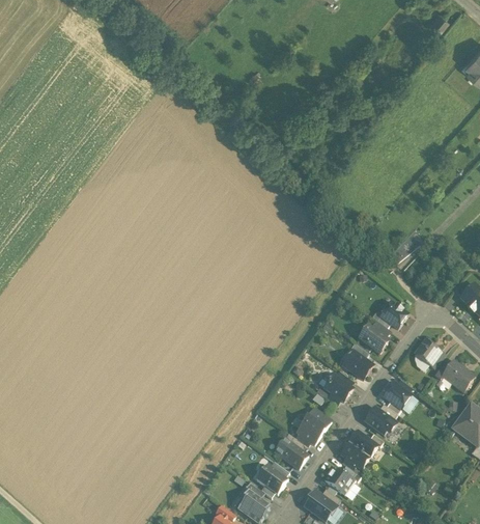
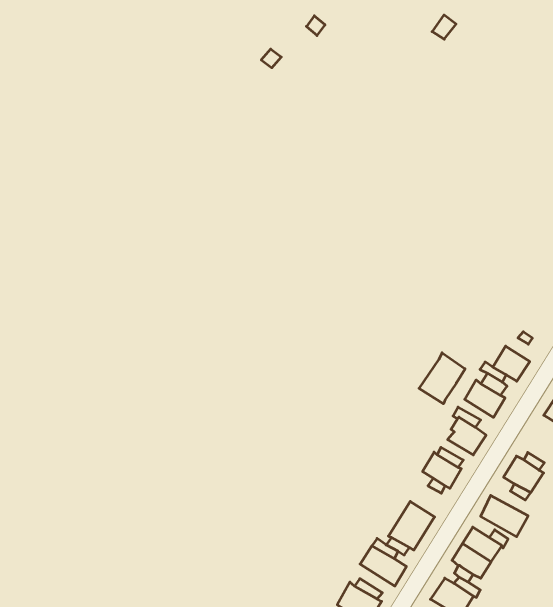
building: none -> [419,353,465,404]

